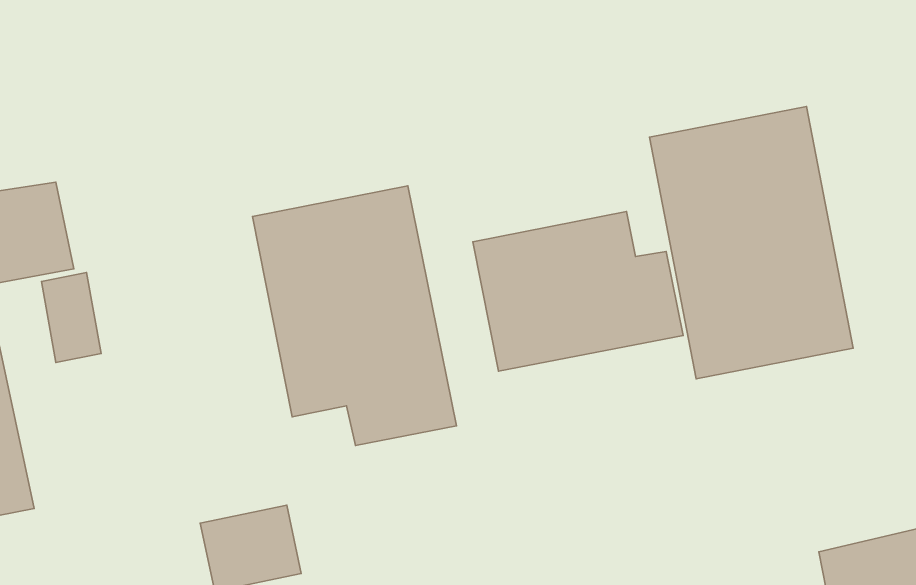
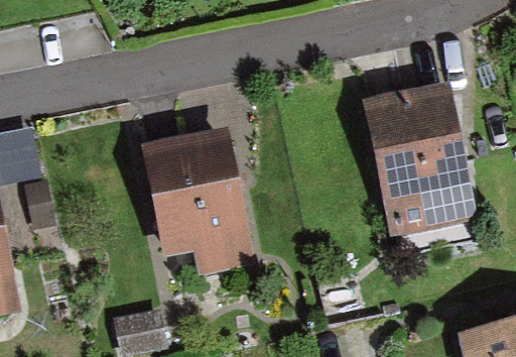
building: [473,211,683,371] -> none

